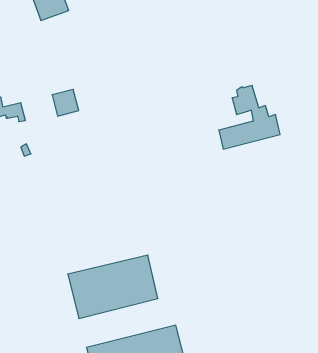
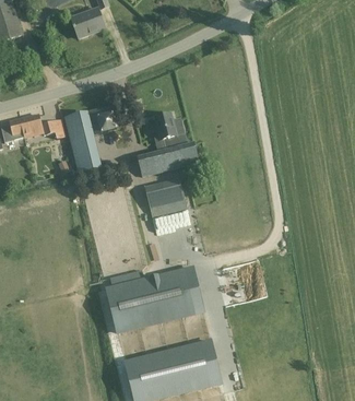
building: [219,86,280,149] -> [138,114,198,176]
building: none -> [63,113,99,172]
building: none -> [144,177,187,217]

